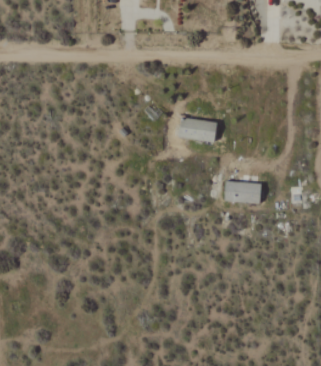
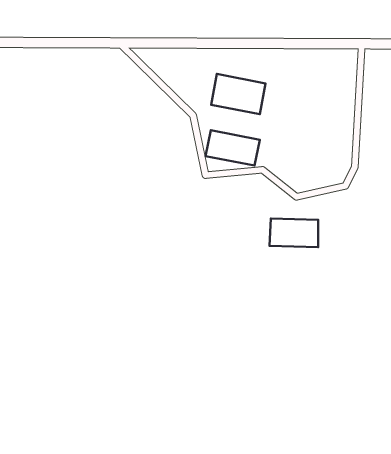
building: none -> [211,74,265,114]

